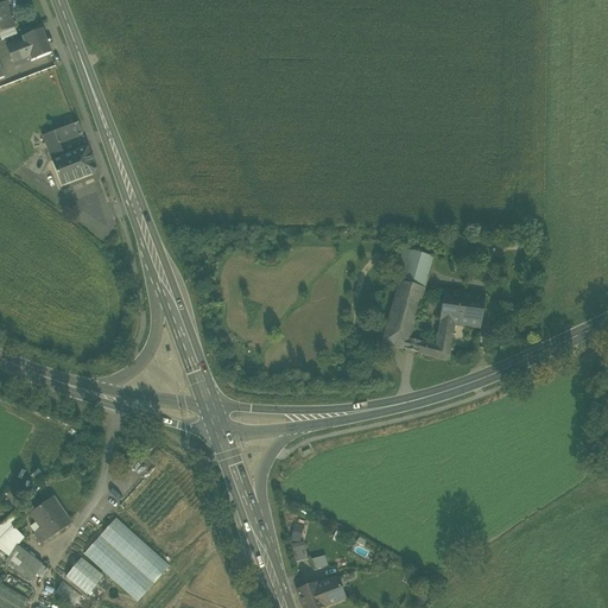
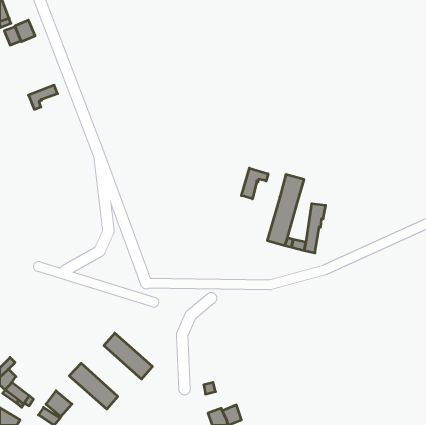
building: [50,146,94,185] -> none
building: none -> [241,168,268,199]
building: [456,292,484,327] -> none
building: [28,495,71,543] -> none
building: [83,534,152,600] -> [104,333,152,379]

